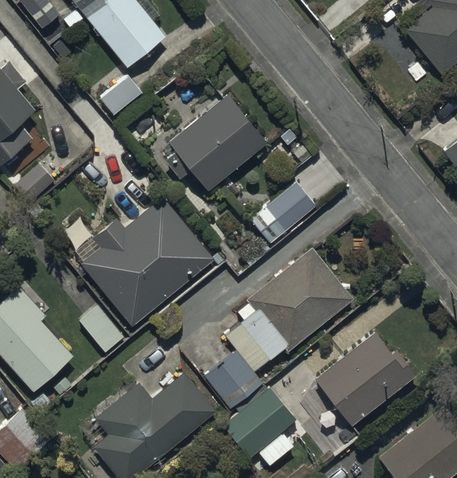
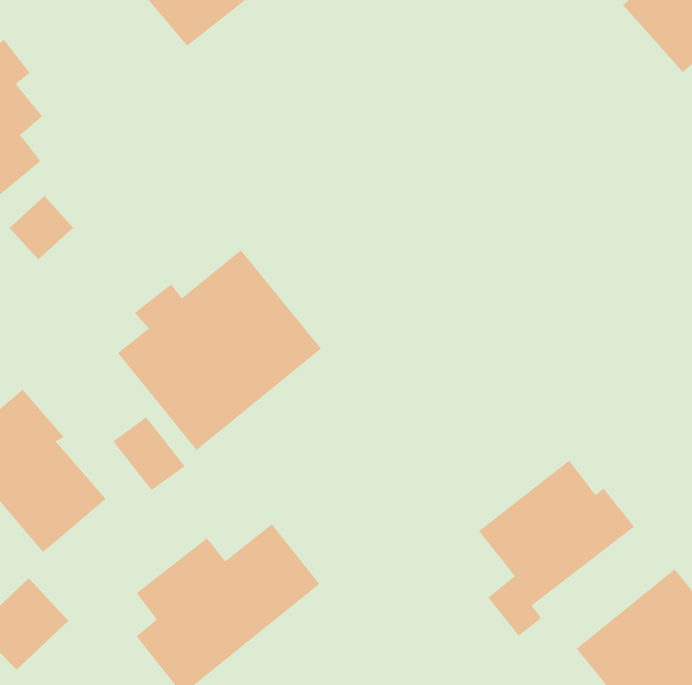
building: [163,93,267,190] -> none
building: [249,182,315,244] -> none
building: [203,248,352,457] -> none

